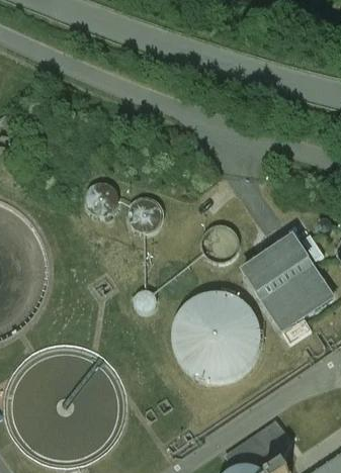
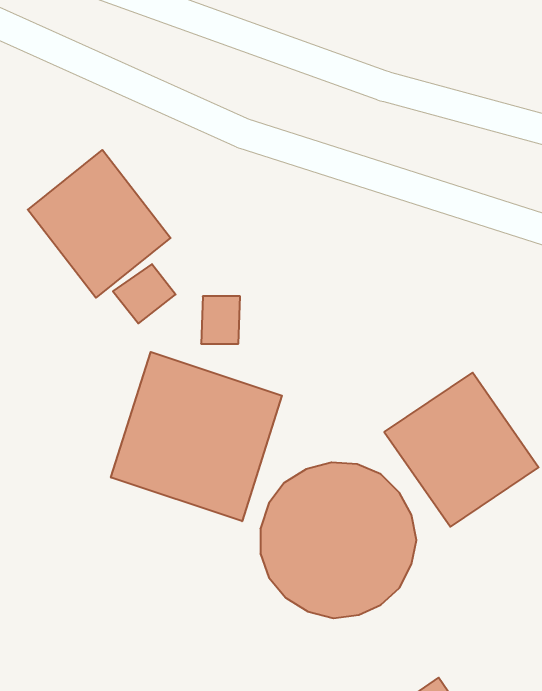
building: none -> [28,150,171,298]
building: none -> [111,352,282,521]

